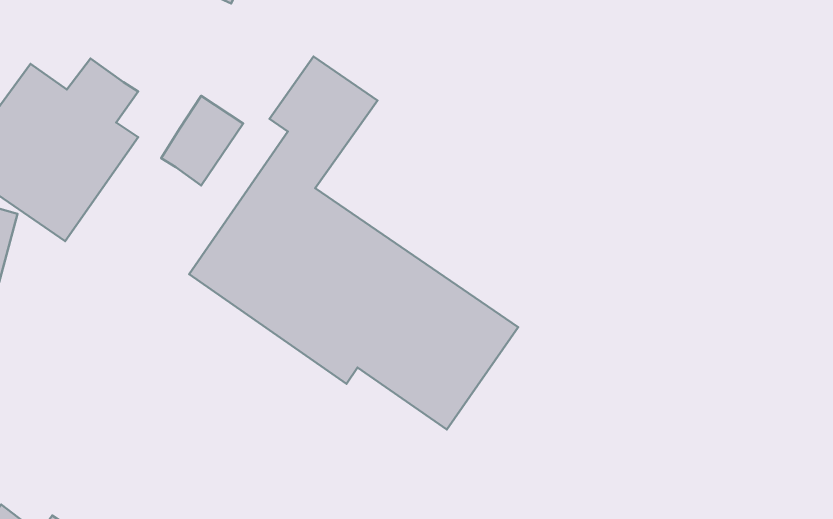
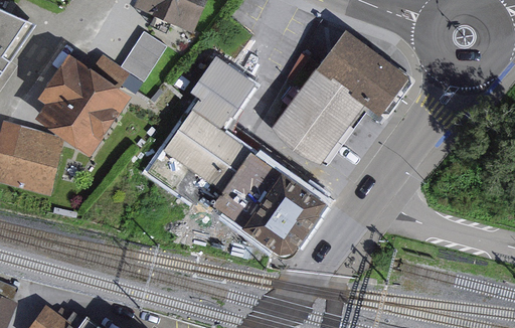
building: none -> [267,27,400,160]
building: [161,96,243,186] -> [116,33,161,83]

